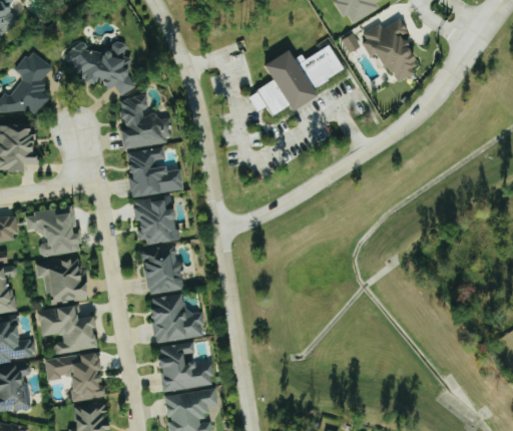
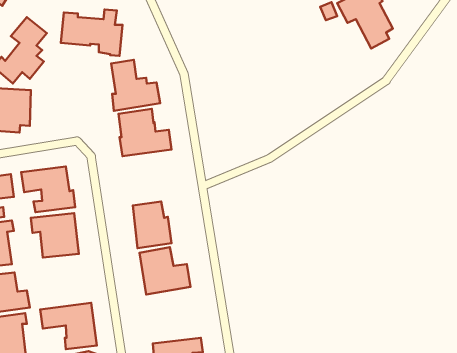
building: [248,45,344,115] -> none
building: [133,196,177,244] -> none
building: [37,307,97,354] -> none
building: [156,343,212,392] -> none

